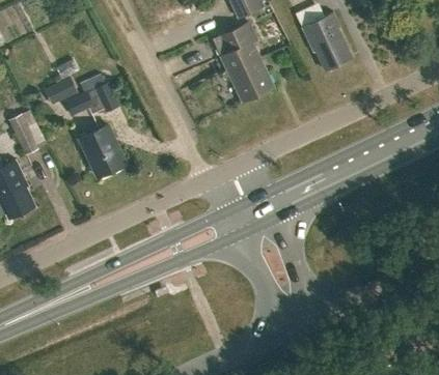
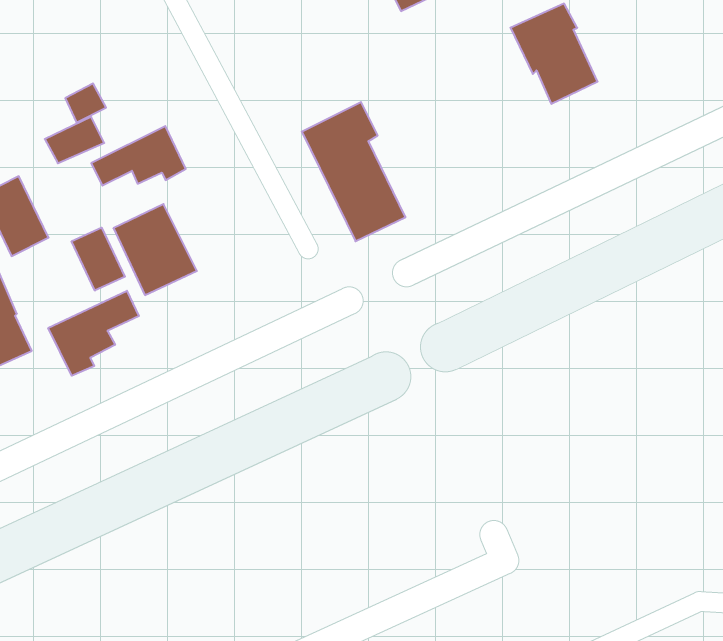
building: [213,24,271,102] -> [302,102,406,241]
building: none -> [72,228,125,291]
building: none -> [48,291,139,376]

